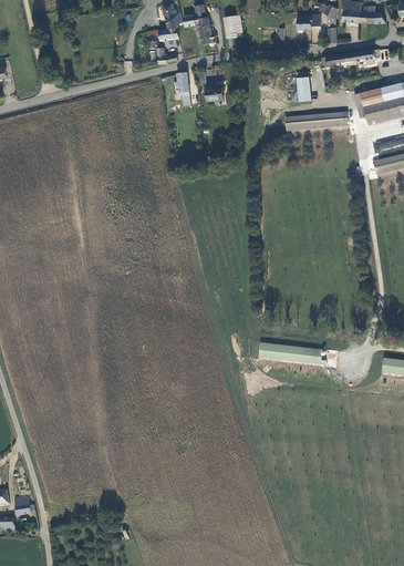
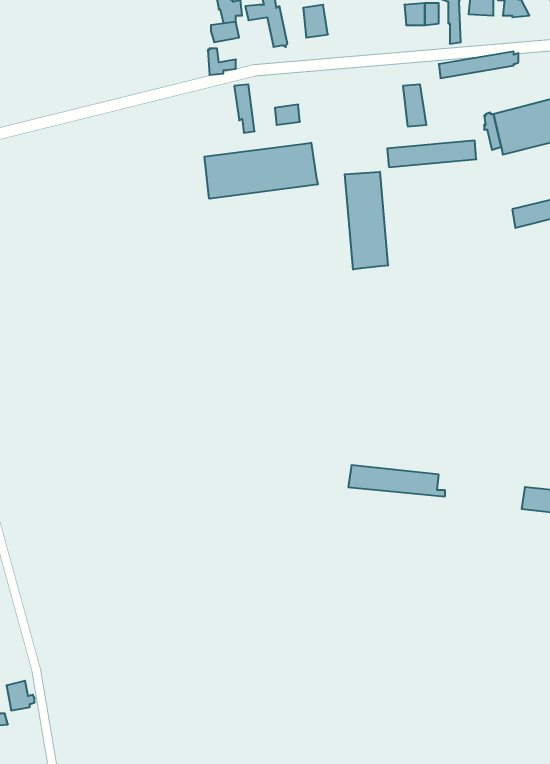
building: none -> [204,143,318,199]
building: none -> [345,172,388,270]

